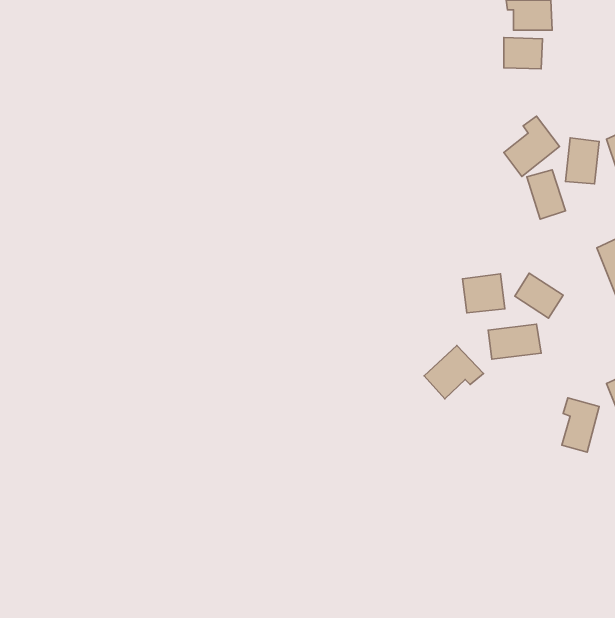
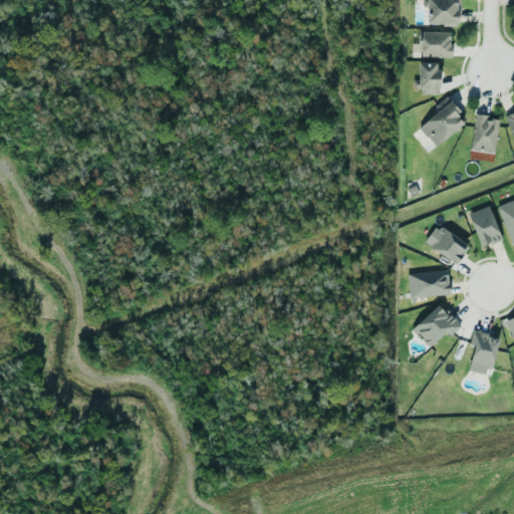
building: none -> [414,62,441,93]
building: [527,170,565,219] -> [470,206,502,247]
building: [462,274,505,313] -> none
building: [424,346,483,399] -> [413,303,462,347]

